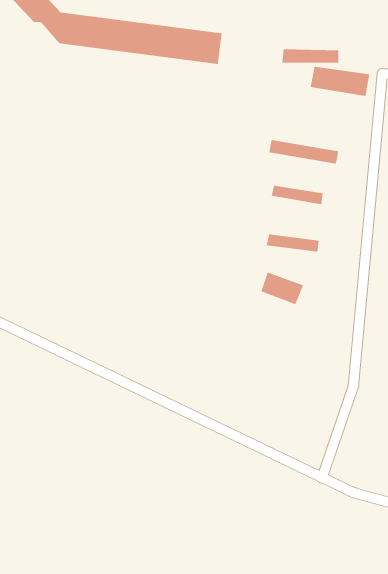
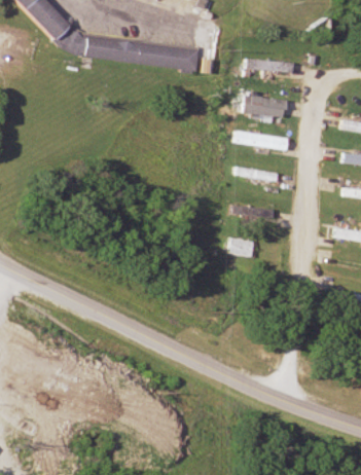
building: [310,66,370,96] -> [242,95,289,118]

